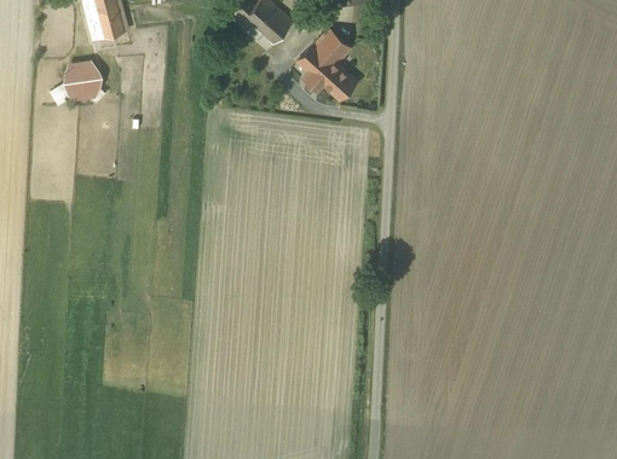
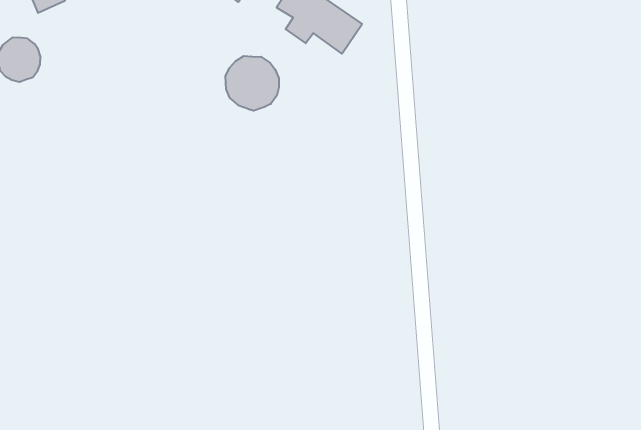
building: none -> [225,56,279,111]

